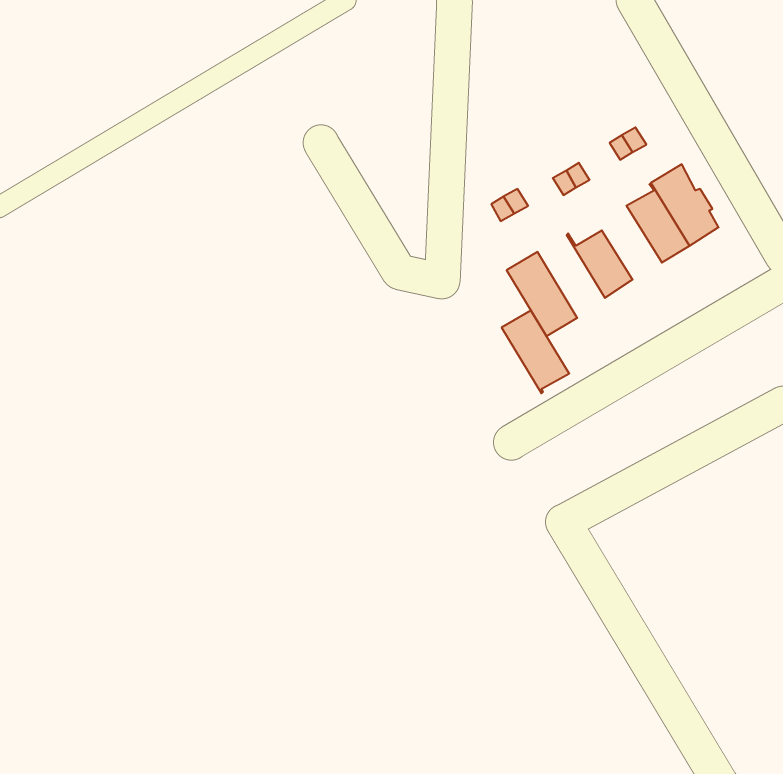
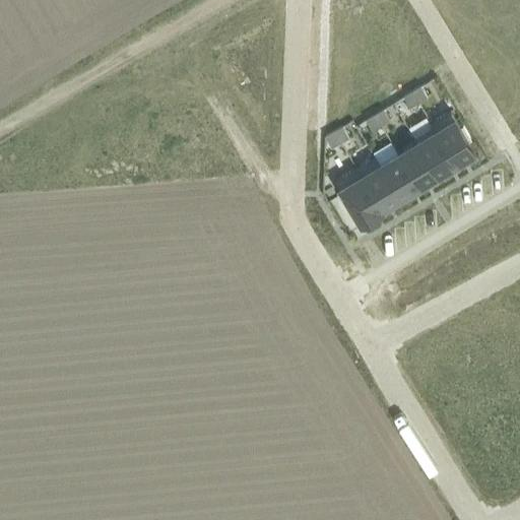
building: none -> [398,143,438,192]
building: [502,310,569,393] -> [355,162,400,217]

